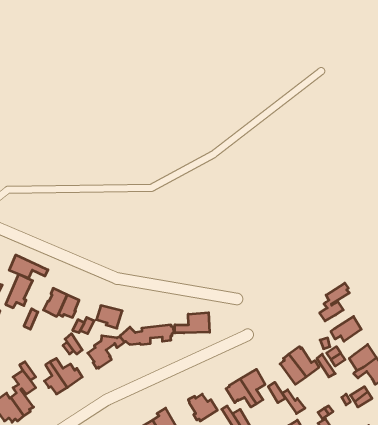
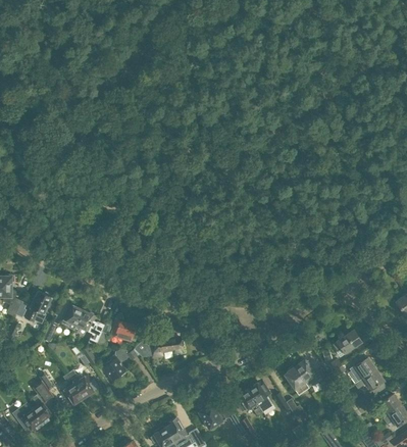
building: [9,255,48,278] -> none
building: [320,283,349,321] -> none
building: [175,313,210,333] -> none

